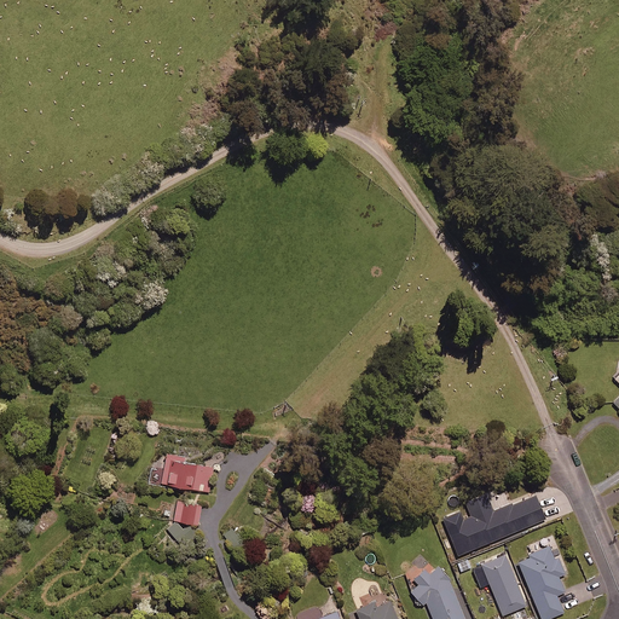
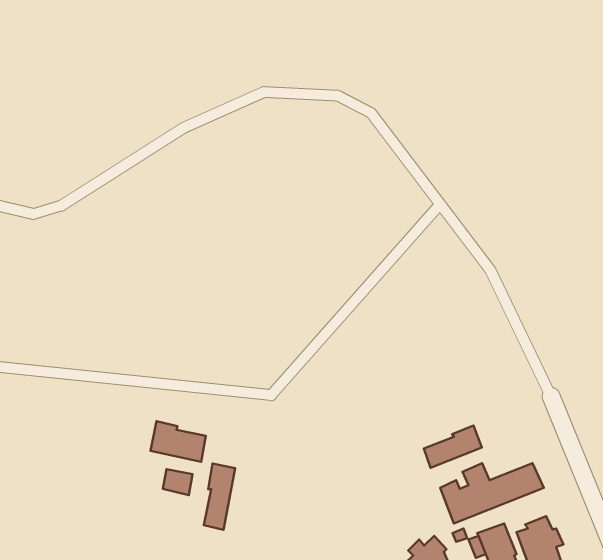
building: none -> [424,426,482,468]
building: none -> [204,464,235,530]

